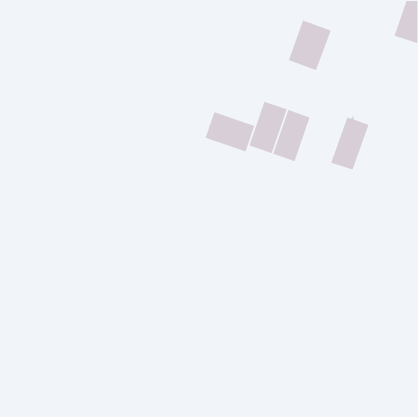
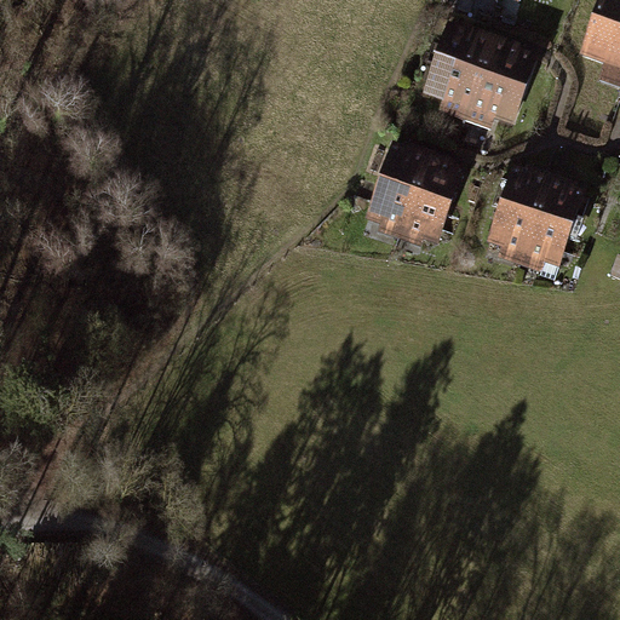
building: none -> [467,47,532,122]
building: [204,111,255,153] -> none
building: none -> [522,186,580,266]

